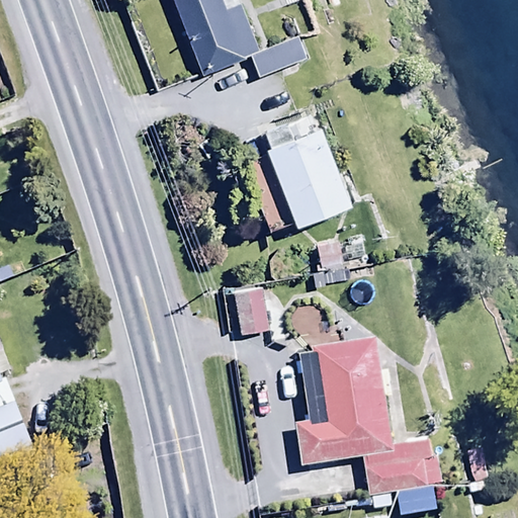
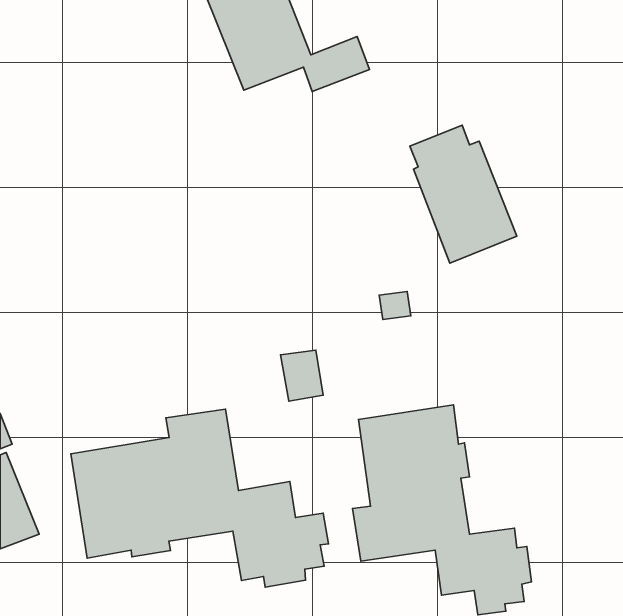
building: [264,112,353,227] -> [410,125,517,263]
building: none -> [71,409,329,587]

